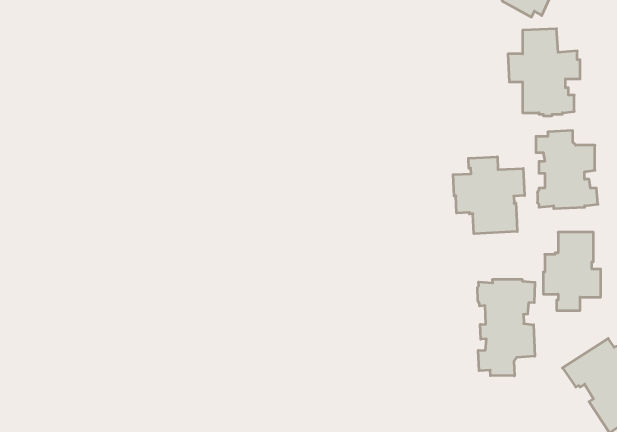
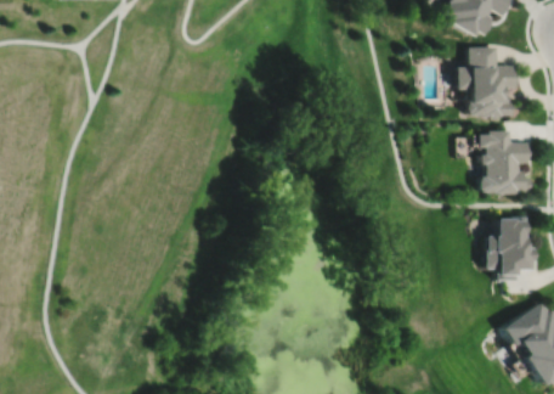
building: [453,157,525,234] -> none
building: [477,279,535,376] -> none

